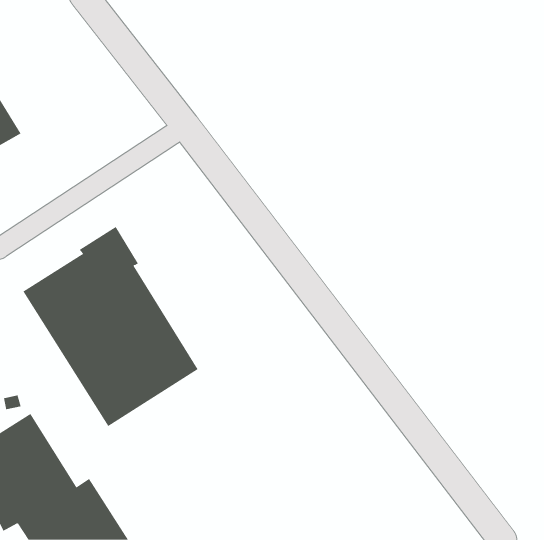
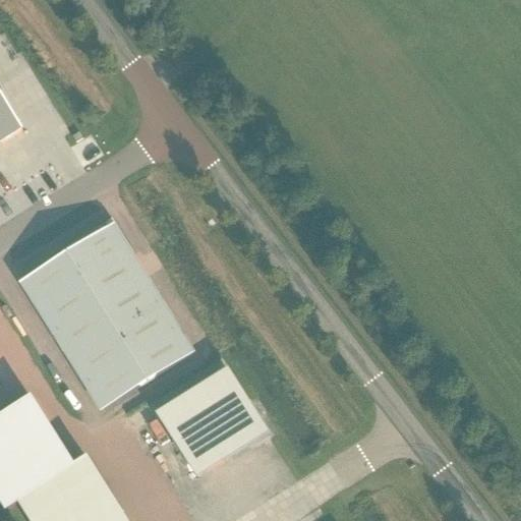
building: none -> [157,368,267,474]

